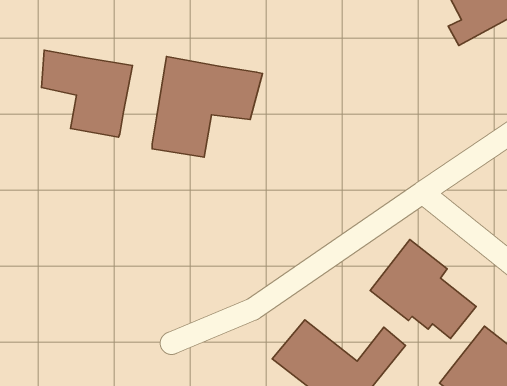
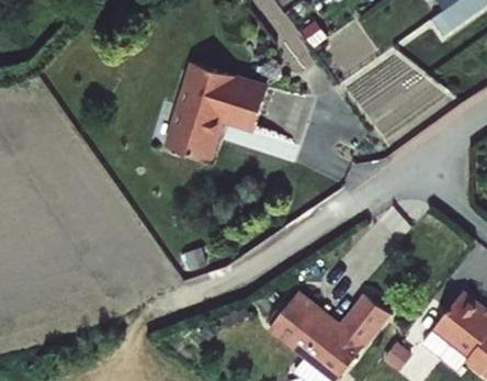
building: [41,50,132,137] -> none
building: [370,239,476,339] -> none

